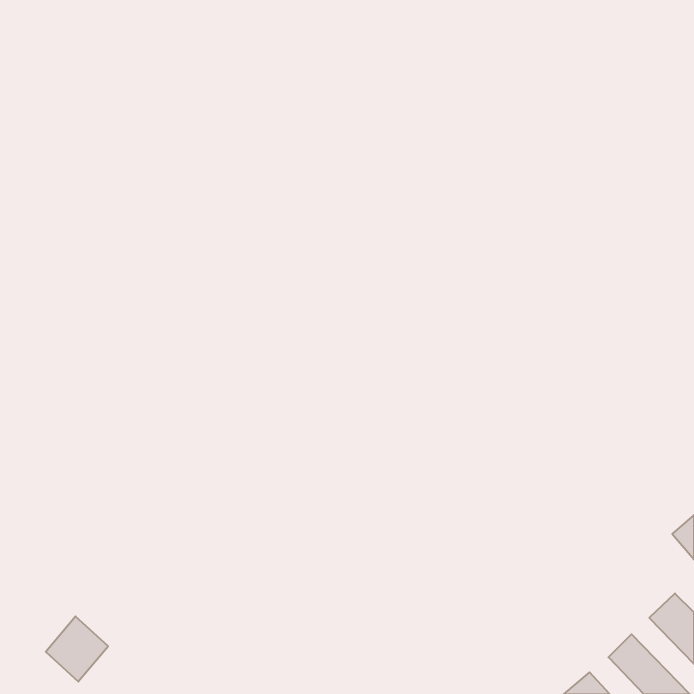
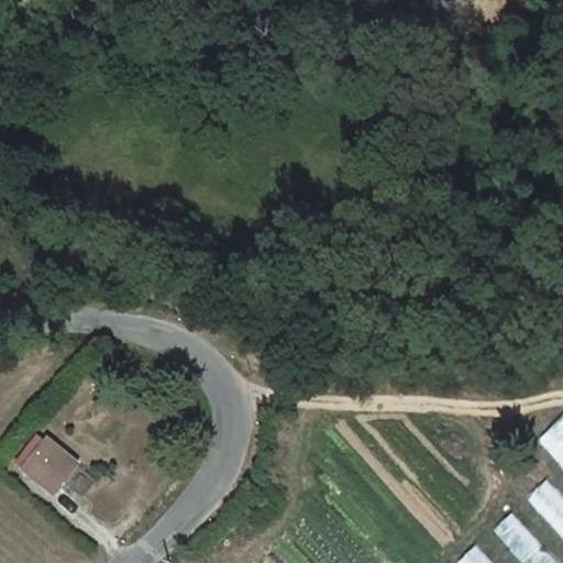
building: [46,616,108,682] -> [29,440,79,493]

